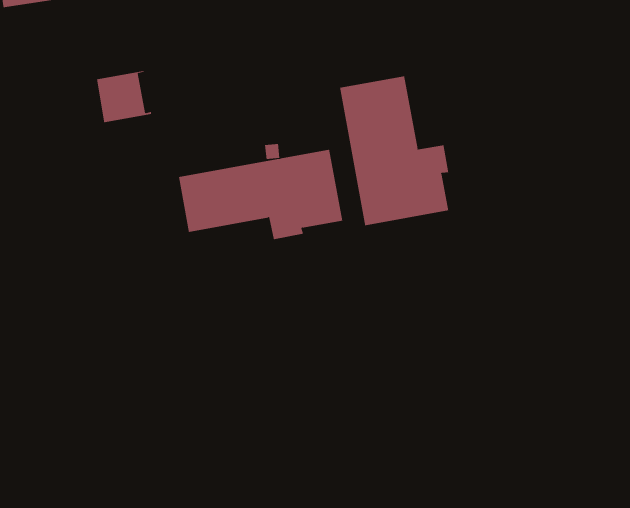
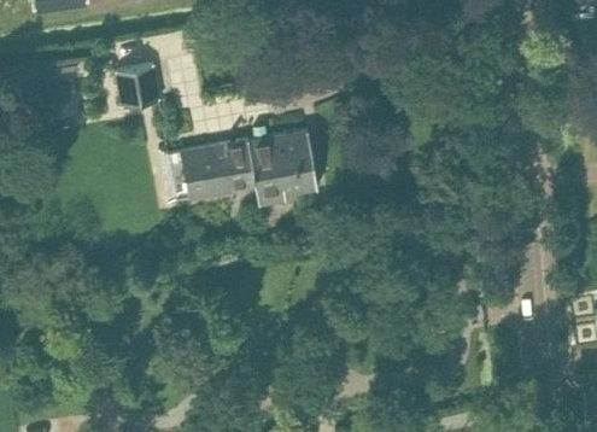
building: [340,76,449,226] -> none

